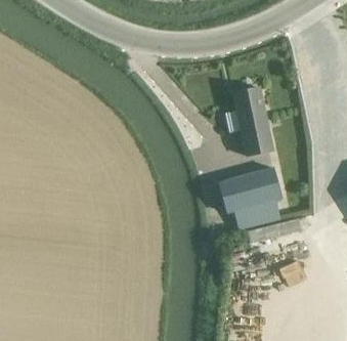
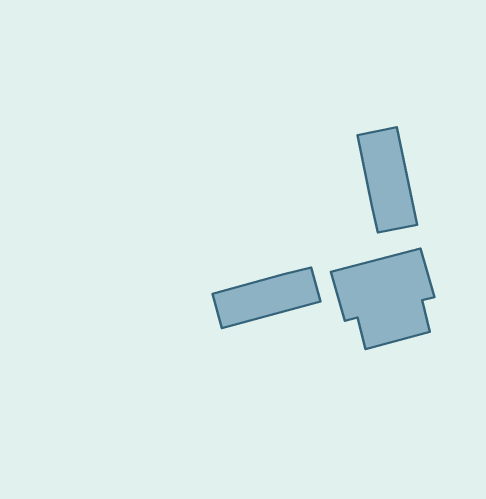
building: none -> [212,267,321,328]

